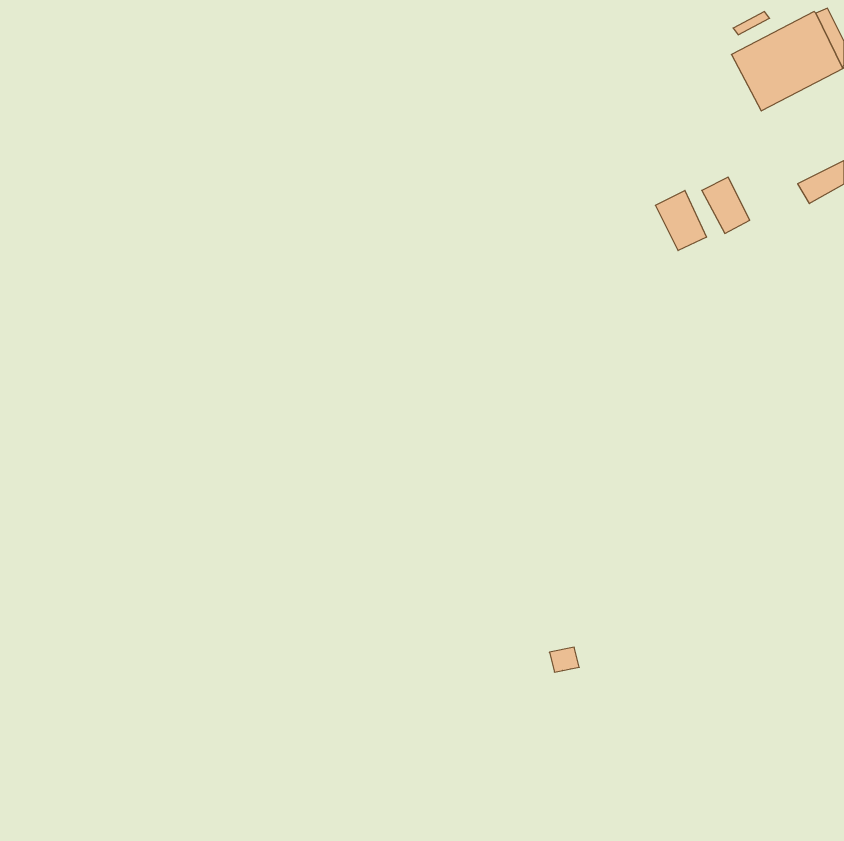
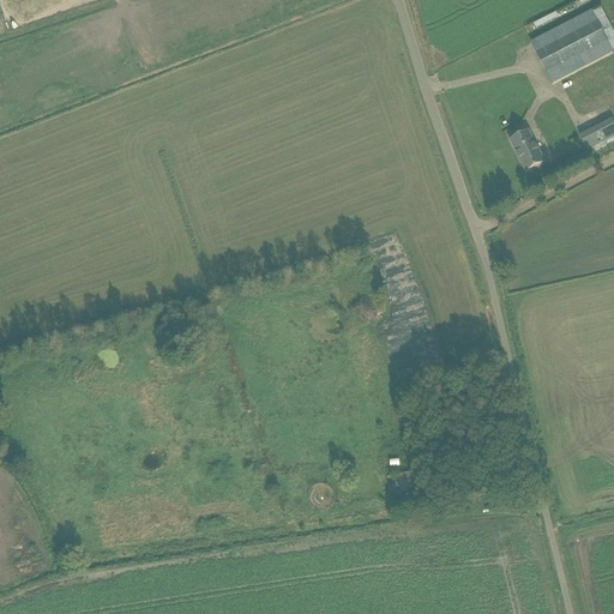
building: [655,190,706,251] -> none

